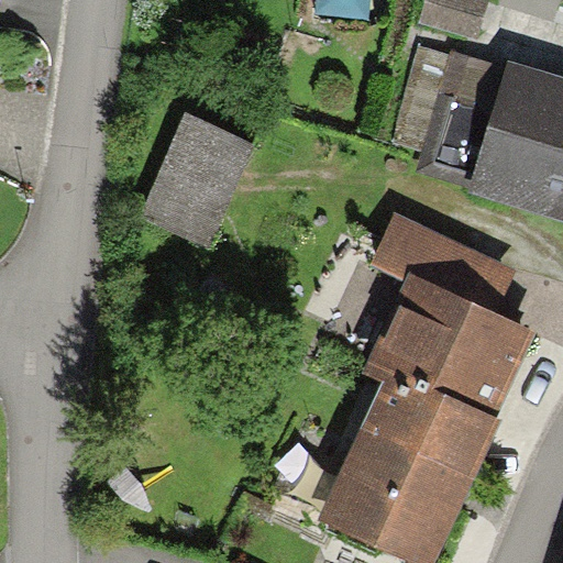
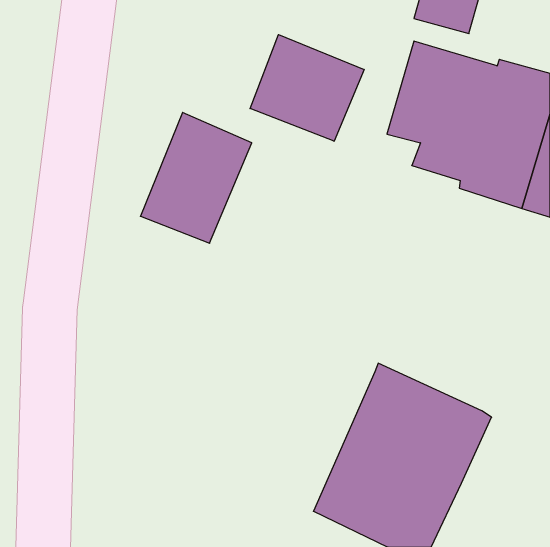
building: none -> [250,35,364,141]
building: [368,211,532,418] -> none

